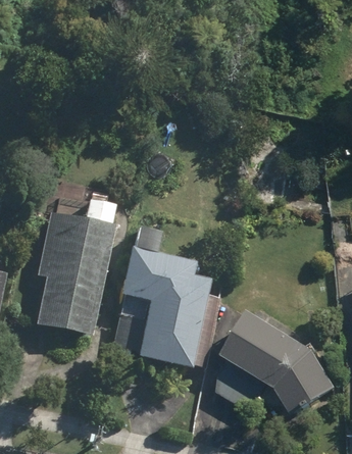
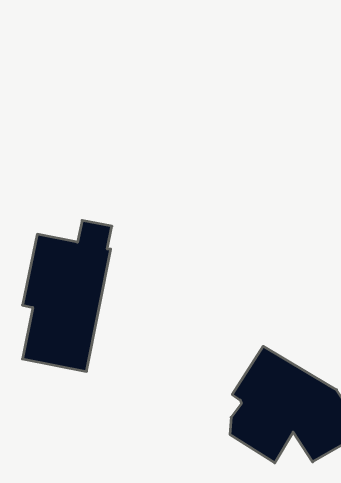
building: [115,226,218,366] -> none

